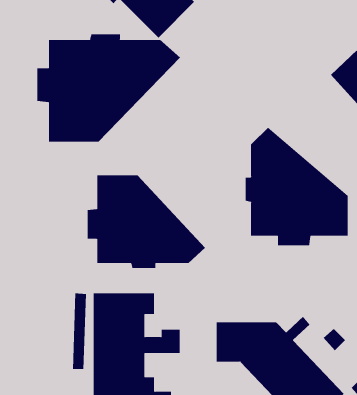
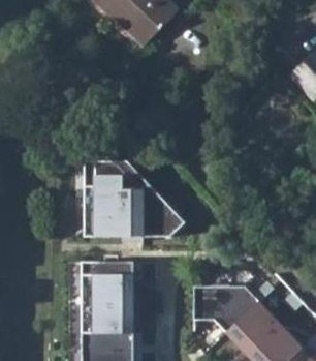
building: [37,34,181,143] -> none
building: [245,127,348,246] -> none

